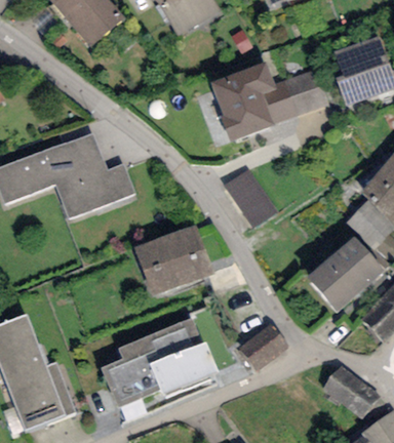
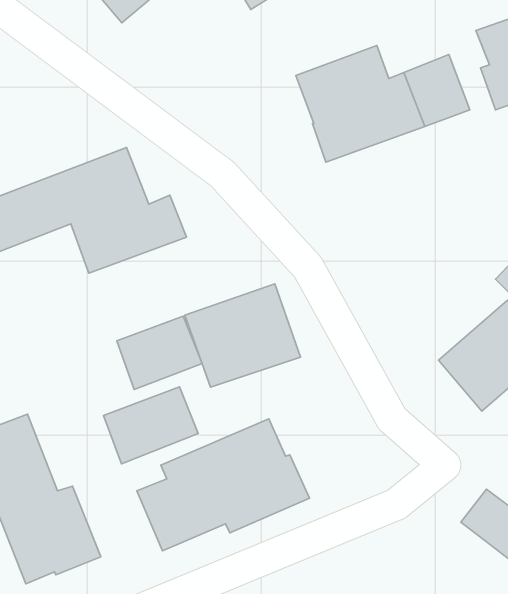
building: [224,171,278,228] -> none
building: none -> [117,316,202,390]
building: none -> [103,387,198,464]
building: [239,324,288,371] -> none

